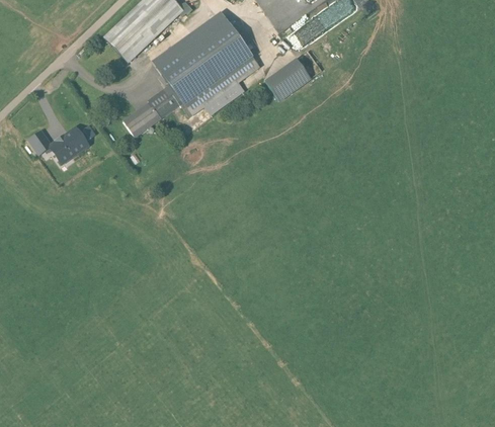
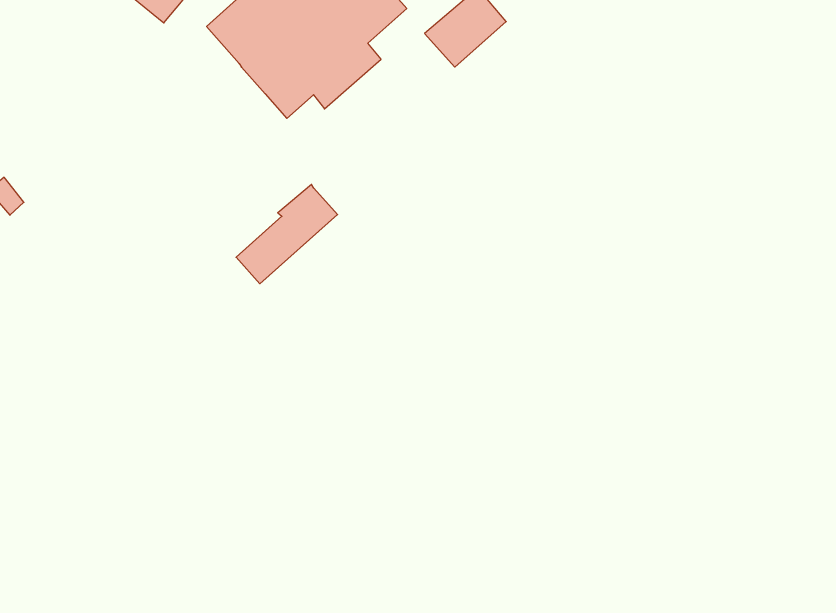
building: [123,85,179,135] -> [236,184,338,284]
building: [50,126,90,165] -> none

